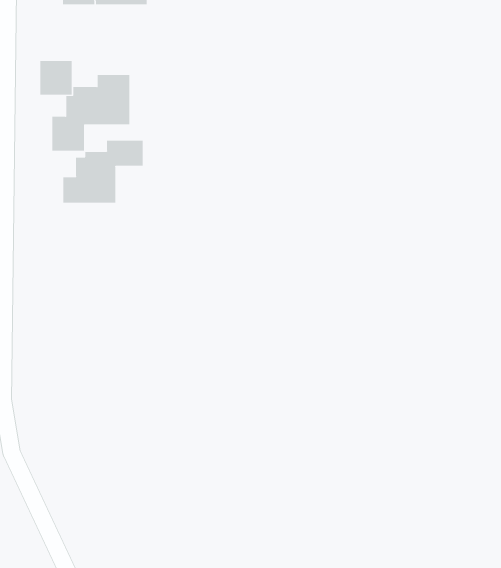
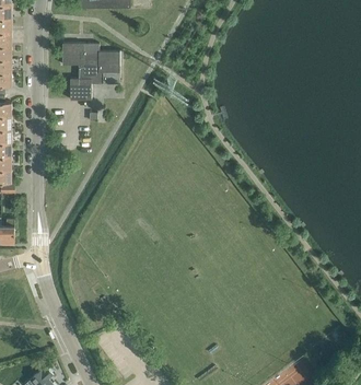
building: [63,140,143,203] -> none

